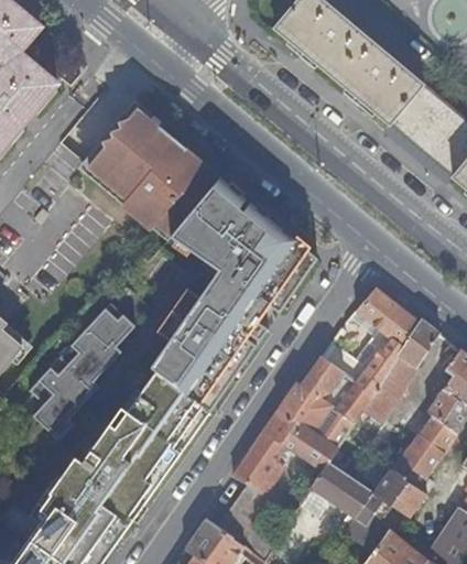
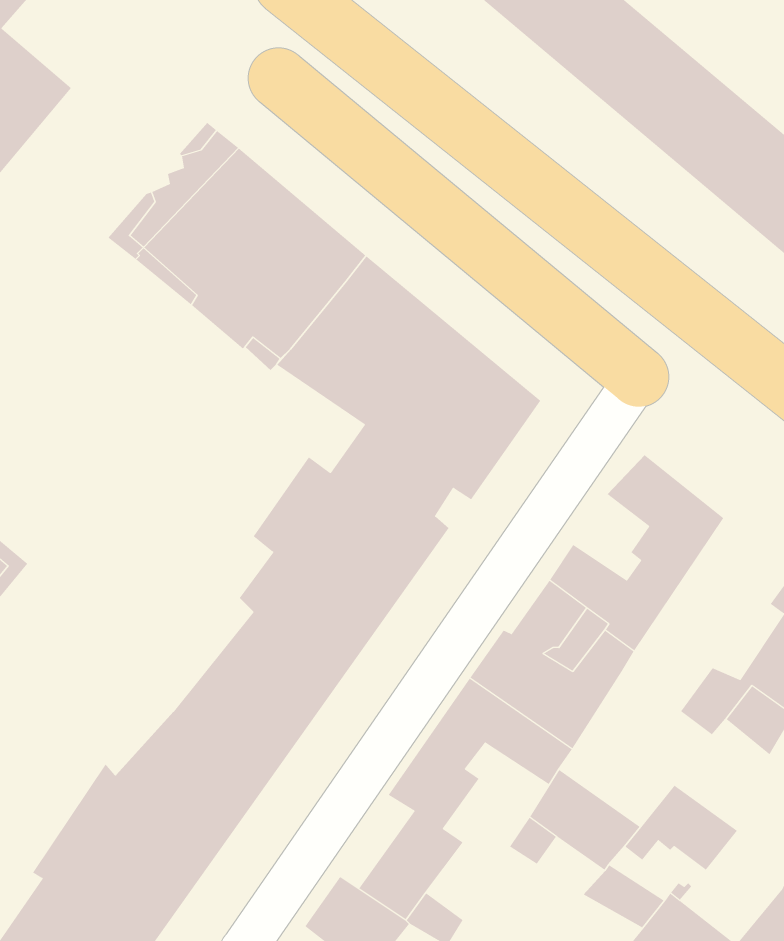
building: [29,302,135,441] -> none
building: [362,318,438,419] -> none
building: [391,433,444,495] -> none

